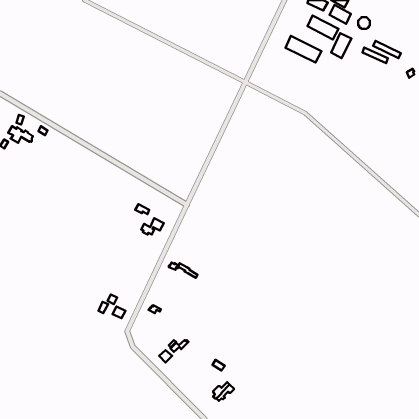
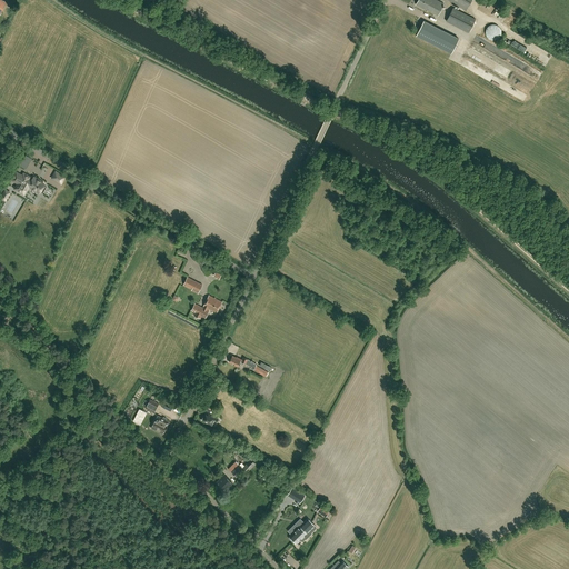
building: [331,33,351,58] -> none
building: [285,36,321,62] -> none

